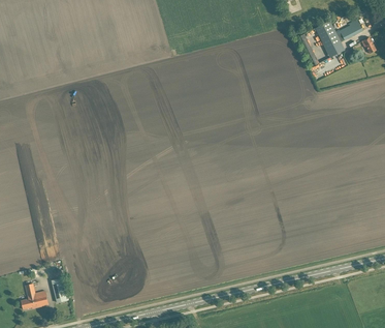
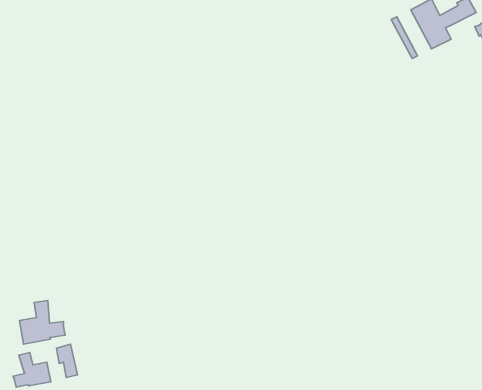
building: none -> [20,301,65,344]

